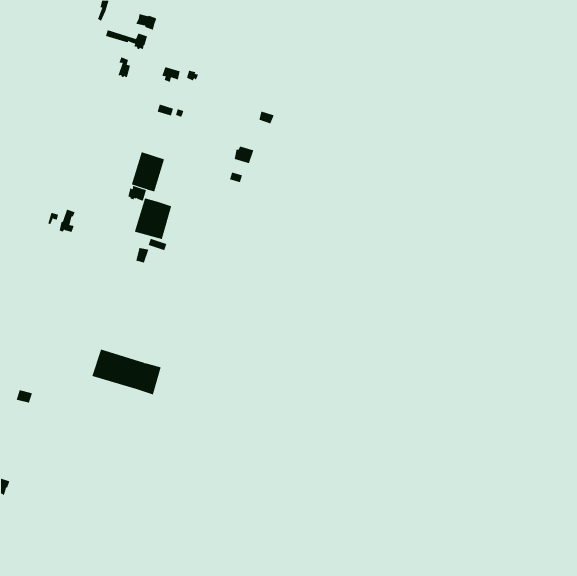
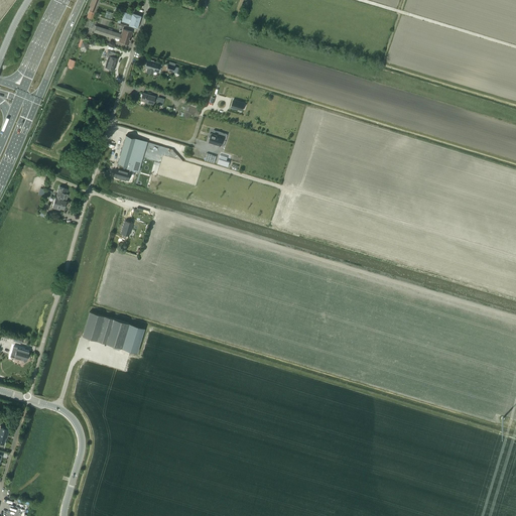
building: [134,197,172,240] -> none

